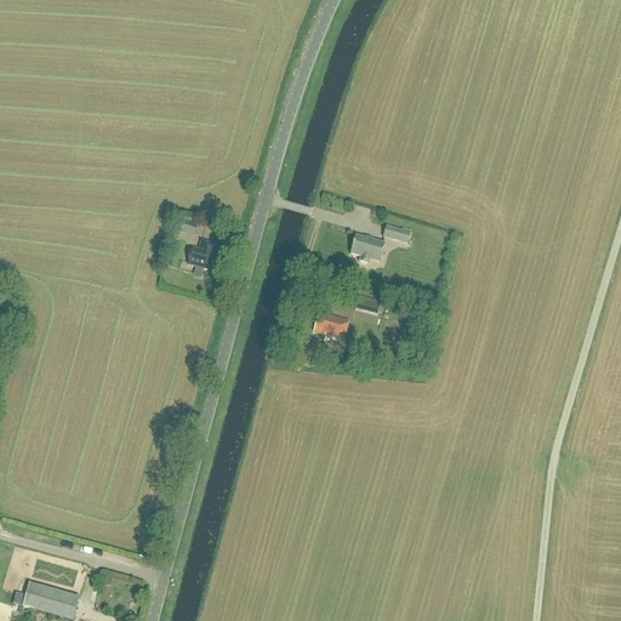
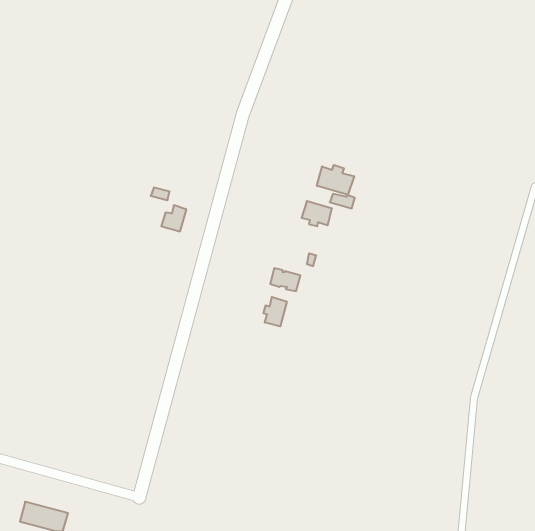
building: none -> [317,165,354,195]
building: none -> [263,297,287,326]

